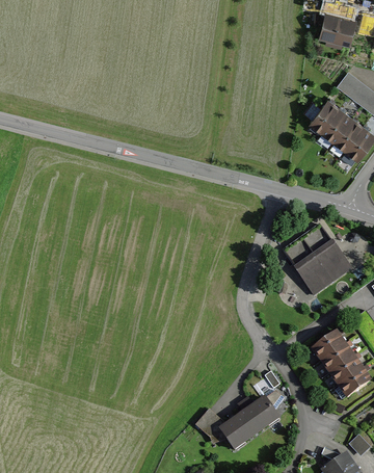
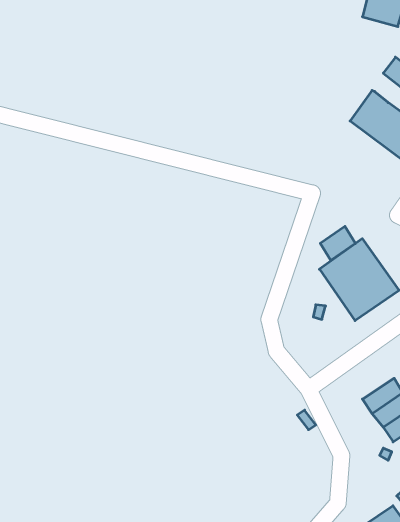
building: none -> [320,226,355,261]
building: [312,330,347,361] -> none
building: [195,389,284,450] -> none

